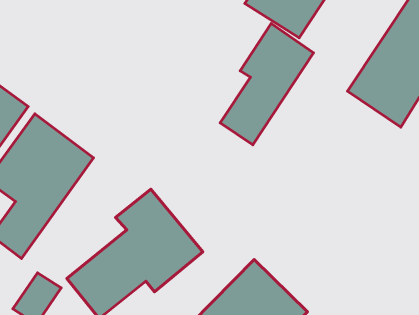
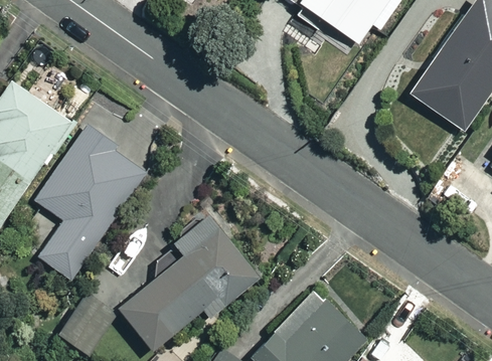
building: [220,23,313,145] -> none

